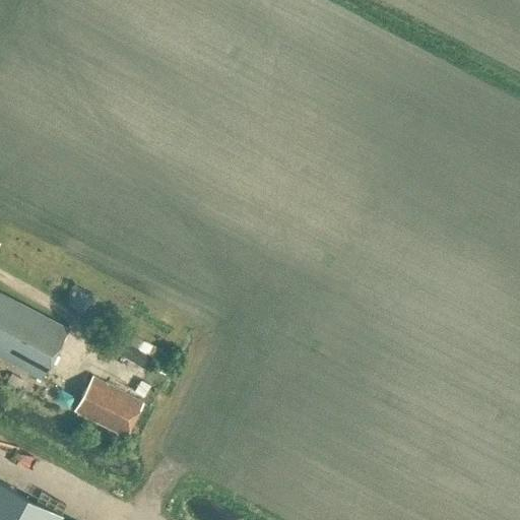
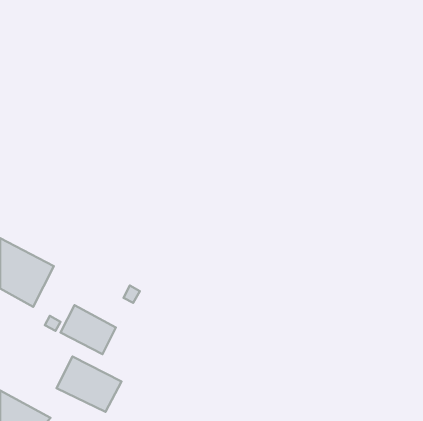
building: none -> [56,356,121,412]

